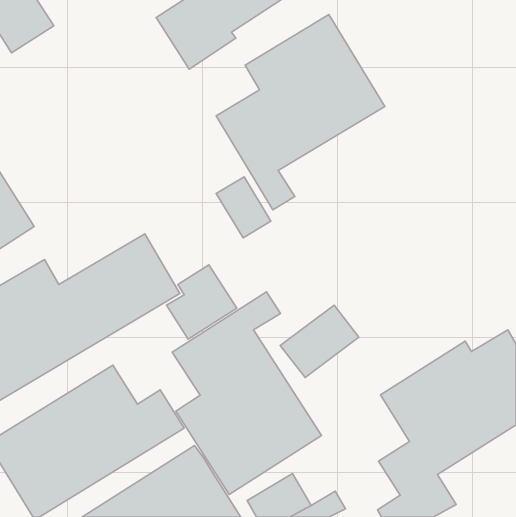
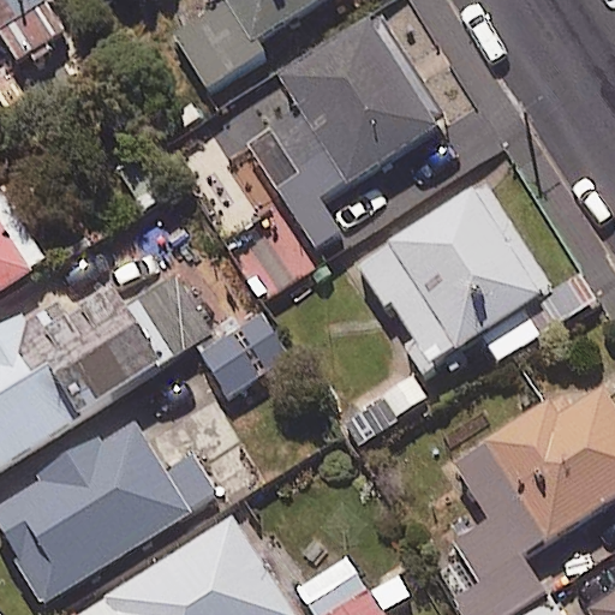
building: none -> [365,184,551,366]
building: [172,292,322,494] -> none

